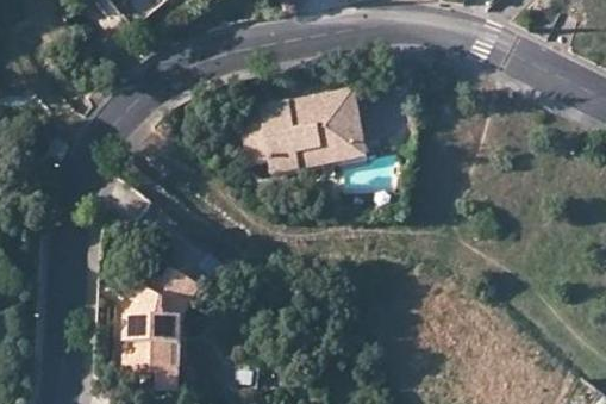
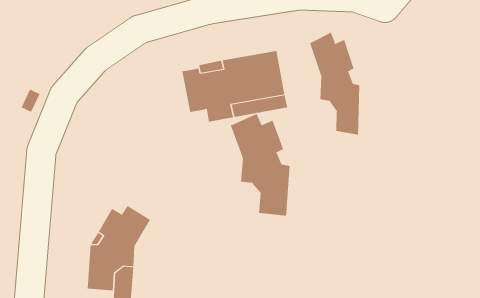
building: none -> [310,32,360,135]
building: none -> [230,113,290,217]

